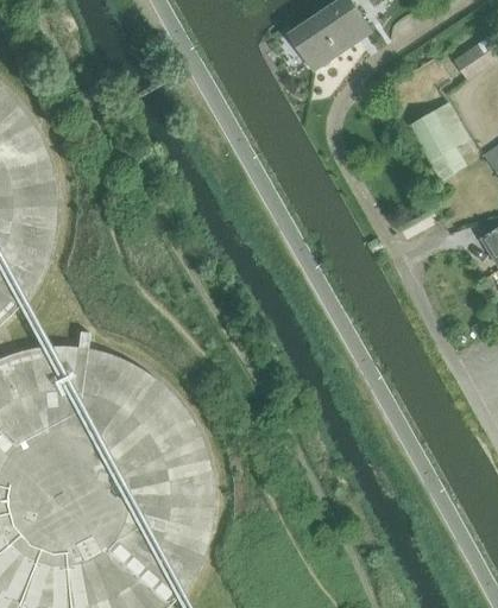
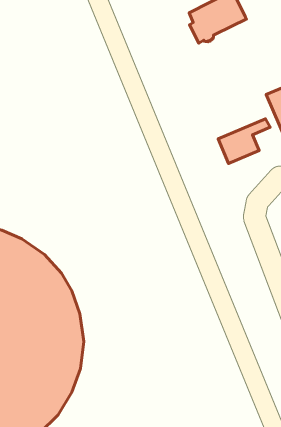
building: none -> [218,119,270,163]

